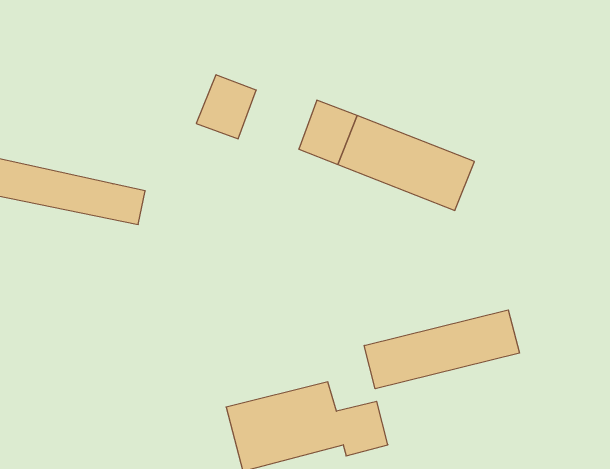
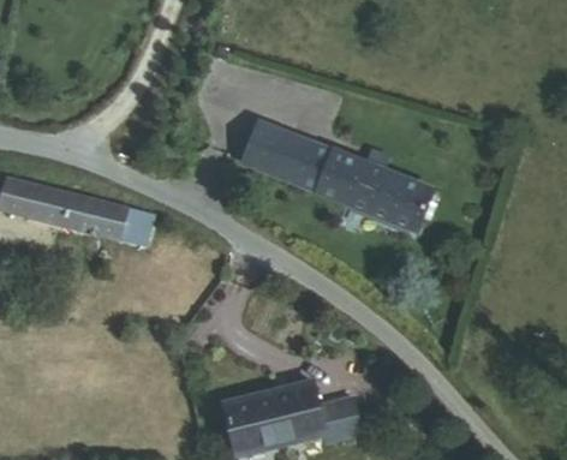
building: [196,75,256,139] -> [247,123,299,178]
building: [364,310,519,389] -> none

